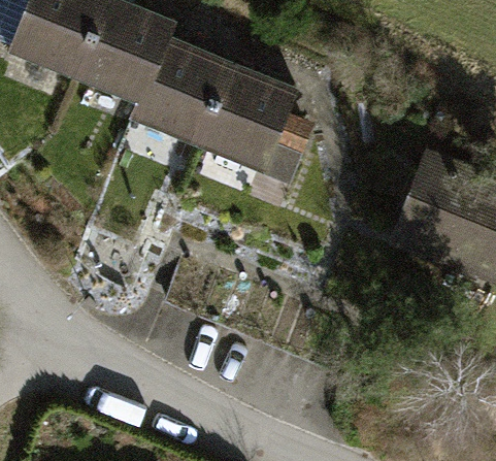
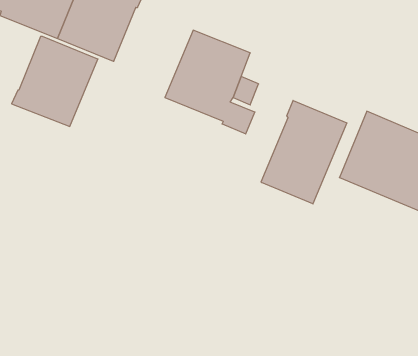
building: [134,40,232,142] -> [12,36,98,126]
building: none -> [261,100,347,204]

